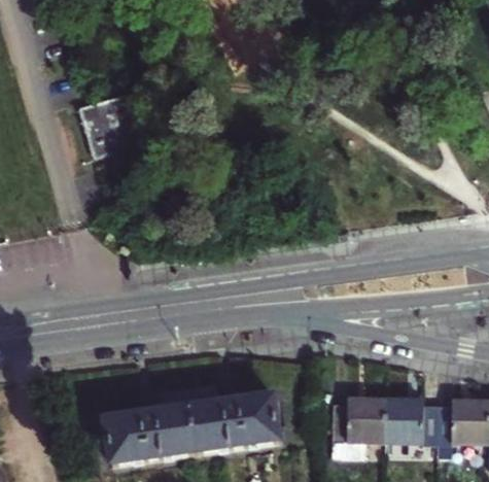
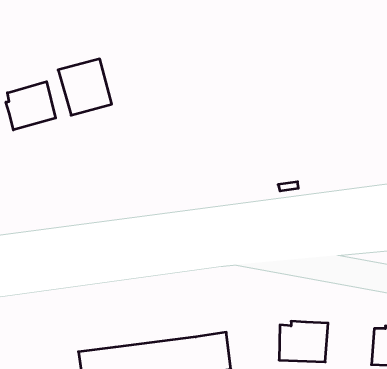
building: none -> [6,82,56,130]
building: [379,392,433,439] -> none

